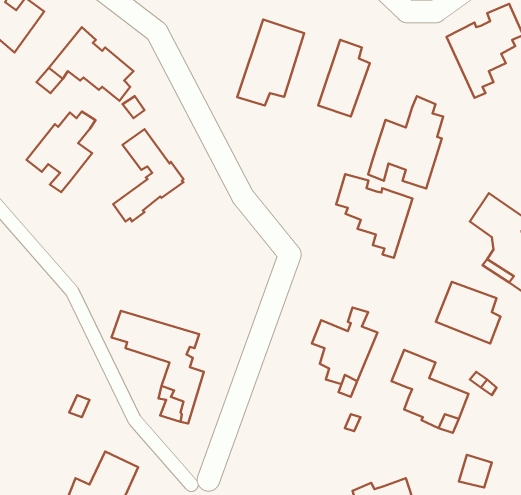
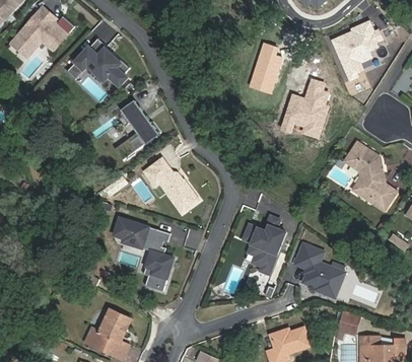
building: [237,20,304,106] -> none
building: [26,111,95,192] -> none
building: [336,174,412,258] -> none
building: none -> [144,159,199,213]
building: [436,282,500,343] -> none

